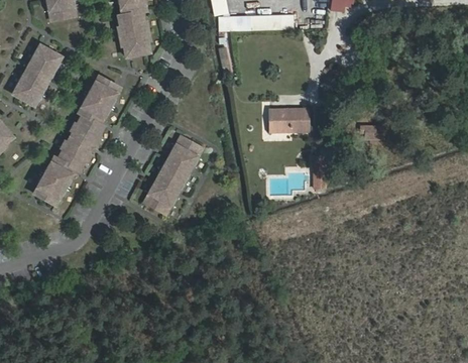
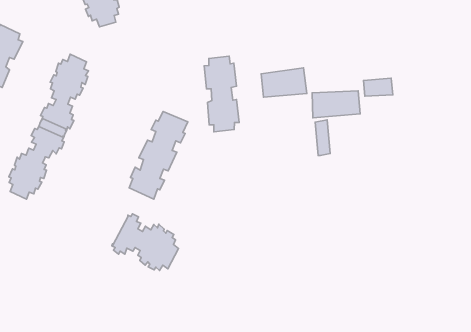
building: none -> [204,56,239,132]
building: none -> [312,91,360,118]
building: none -> [112,214,179,271]

